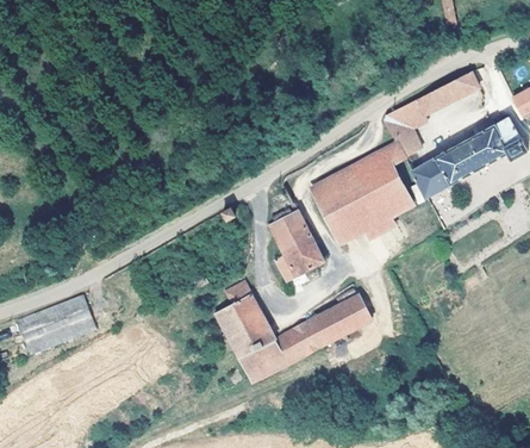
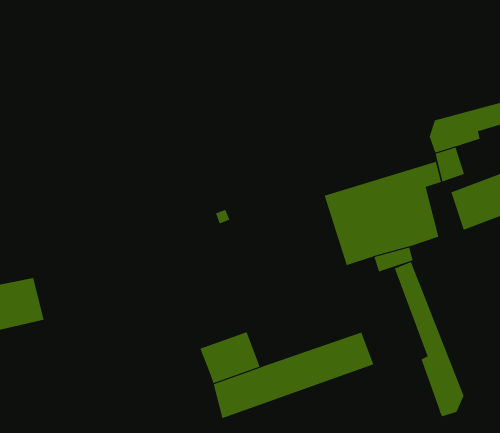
building: [272,211,322,279] -> none
building: none -> [394,261,464,417]
building: [216,281,262,330] -> none

